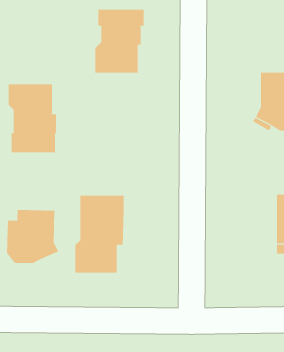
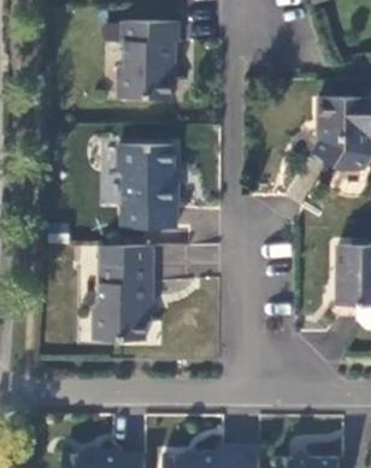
building: [8,84,57,153] -> [119,144,178,227]
building: [7,209,59,264] -> none

